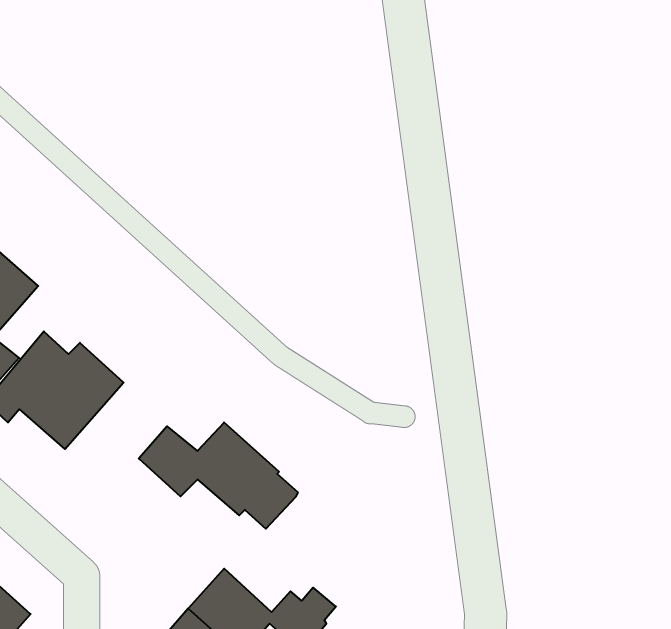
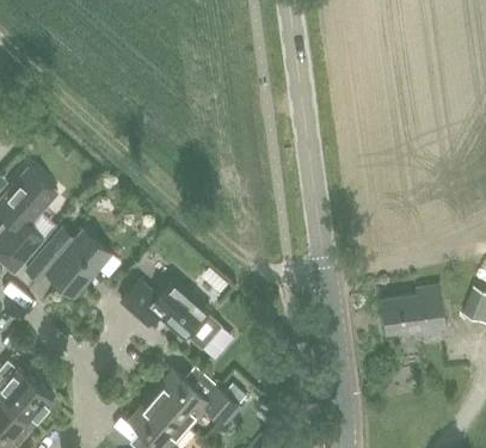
building: none -> [381,288,444,333]

